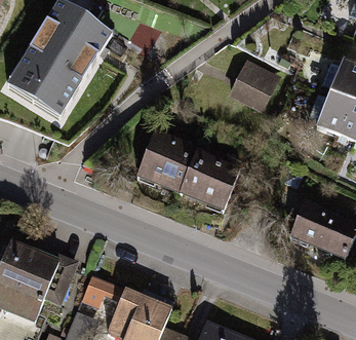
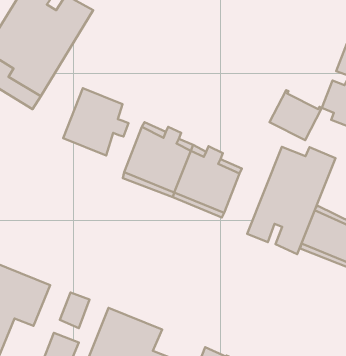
building: [231,64,276,107] -> [269,90,322,140]
building: none -> [63,88,128,155]
building: none -> [247,147,336,254]

